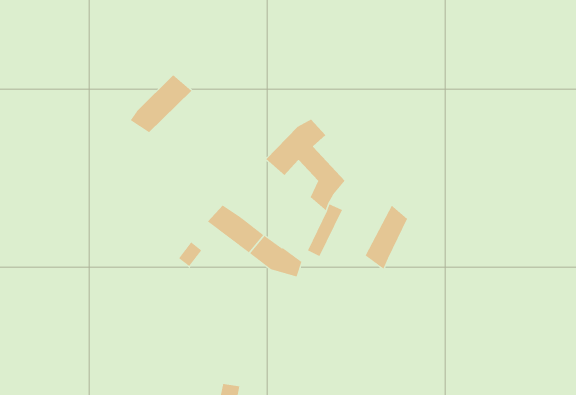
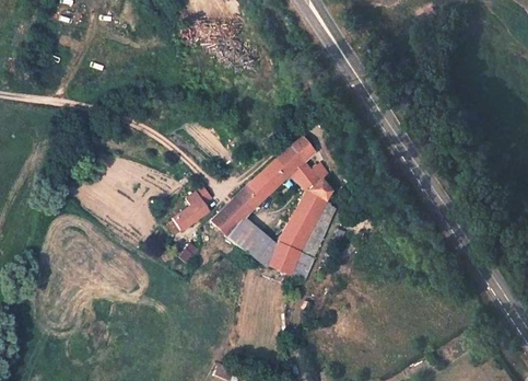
building: [130,74,192,133] -> [222,172,275,222]
building: none -> [171,192,210,236]
building: [365,205,408,270] -> [274,205,312,261]

